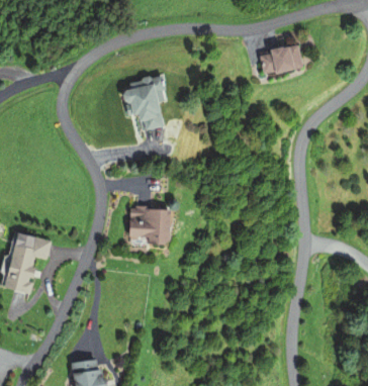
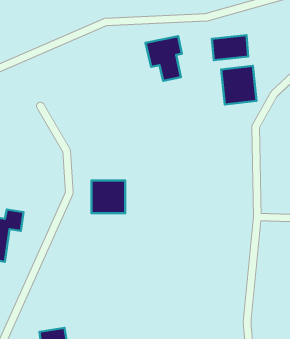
building: none -> [221,66,257,104]
building: [123,83,163,131] -> [145,36,182,81]

